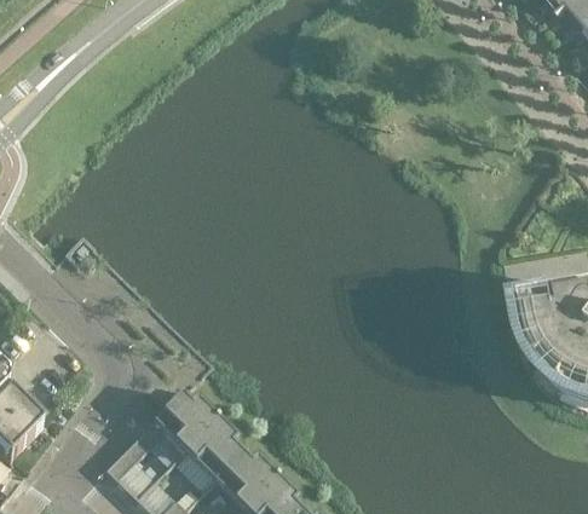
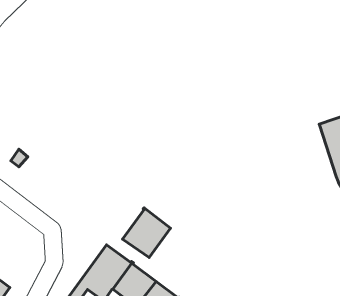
building: none -> [123,208,171,258]

